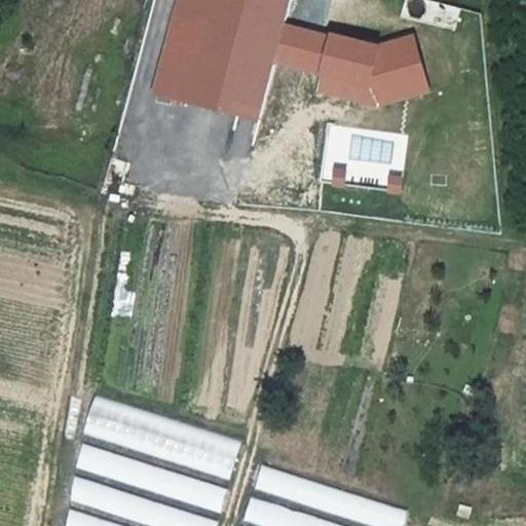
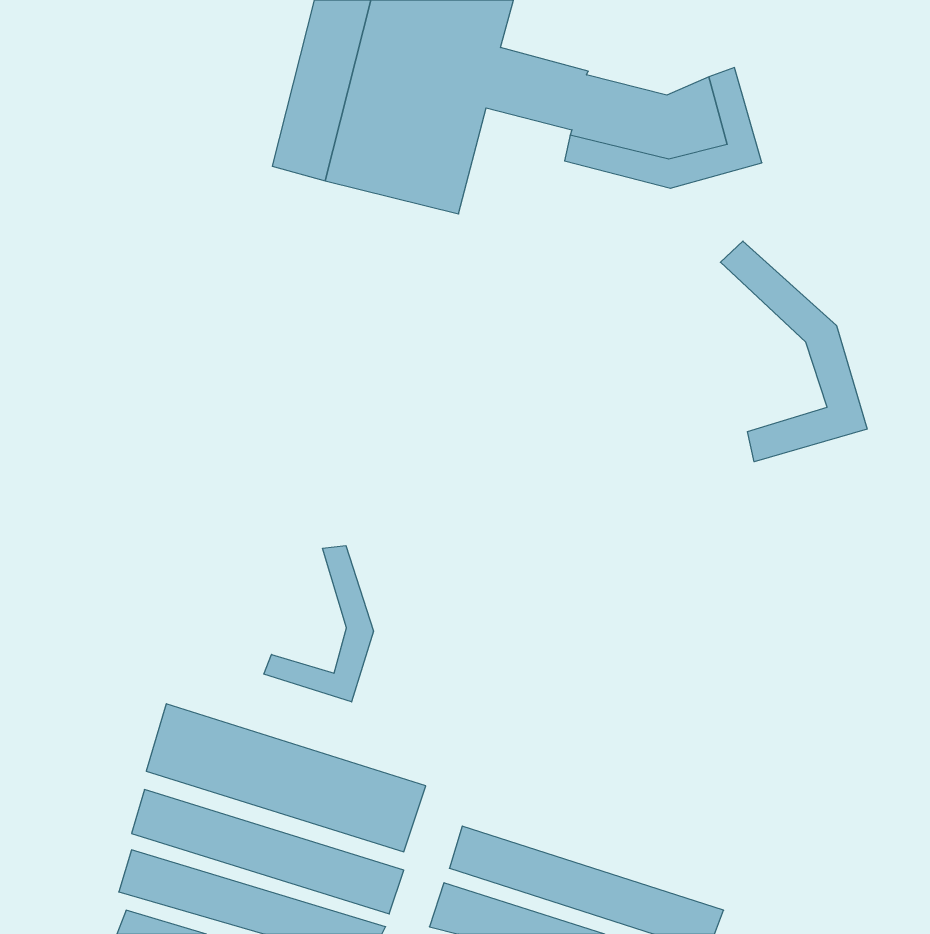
building: none -> [720,241,867,462]
building: none -> [264,546,373,702]

